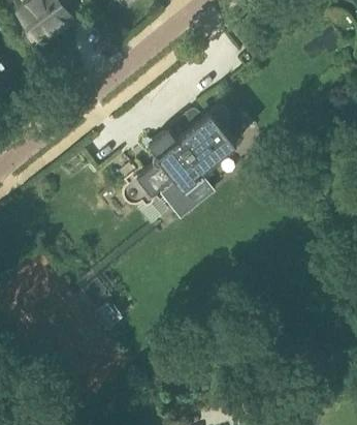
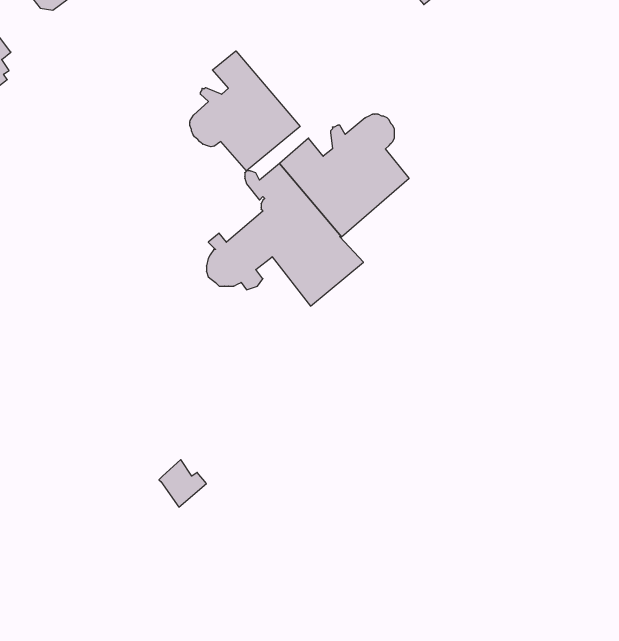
building: none -> [190,51,300,171]

